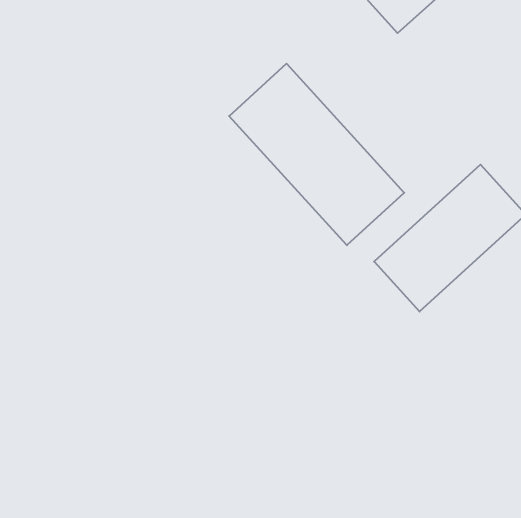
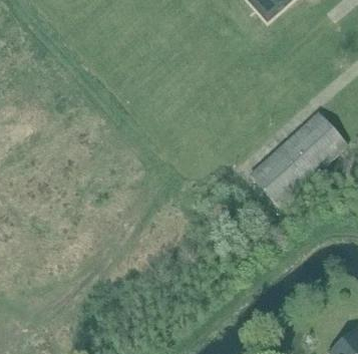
building: [229,64,404,245] -> none

